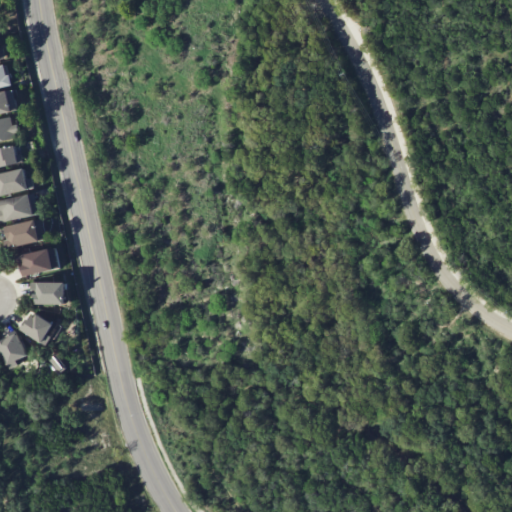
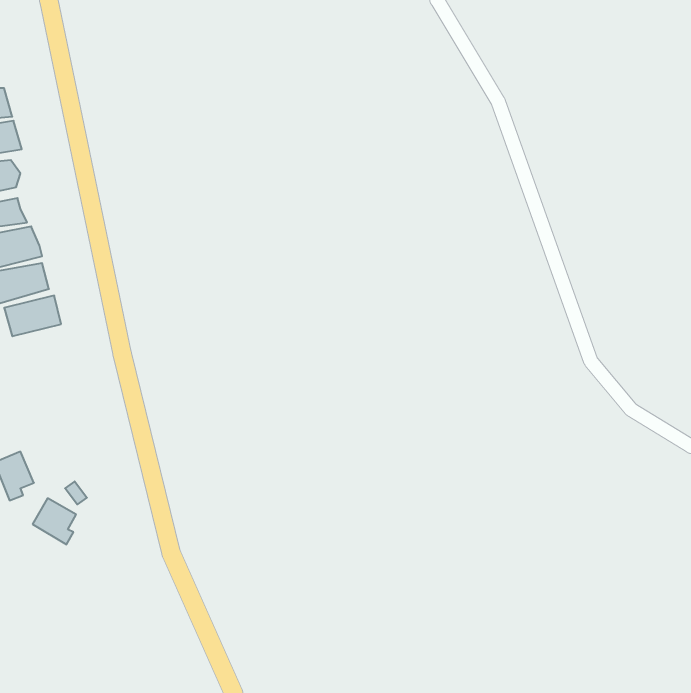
building: [17,247,58,276] -> none
building: [30,282,65,304] -> none
building: [20,312,52,346] -> [33,498,76,544]

